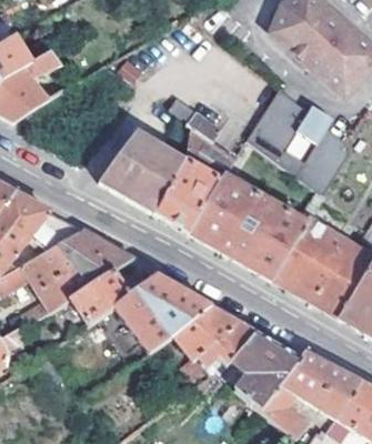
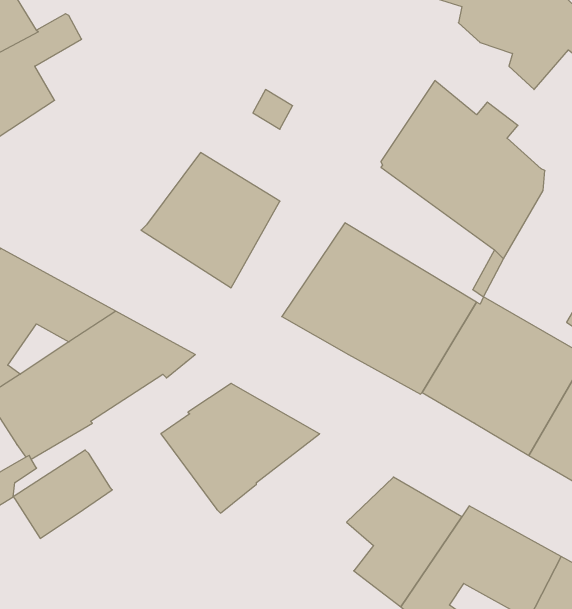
building: [155,107,237,232] -> none
building: [69,268,130,322] -> [13,450,112,538]
building: [171,304,255,375] -> none

